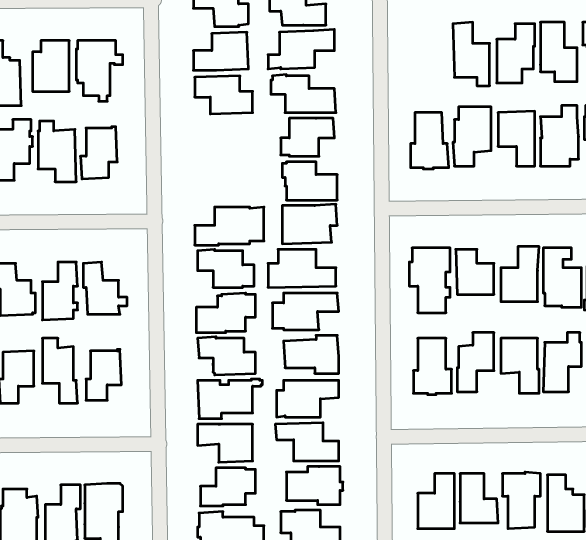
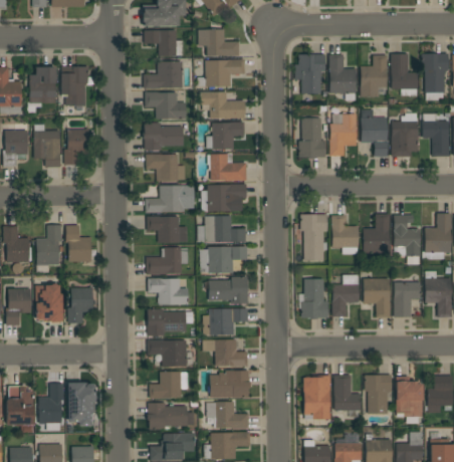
building: none -> [295,54,325,94]
building: none -> [144,124,184,150]
building: none -> [147,155,186,181]

